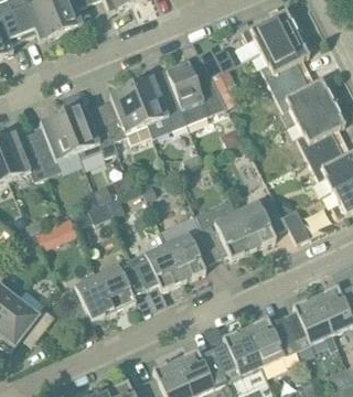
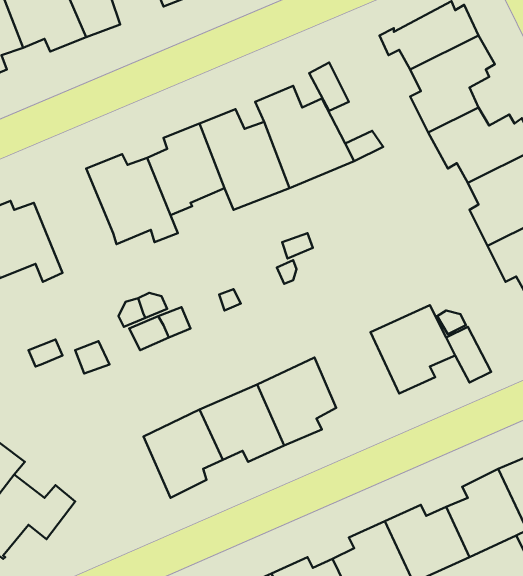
building: [30,111,78,175] -> none
building: [195,199,254,259] -> none
building: [61,276,114,323] -> none

